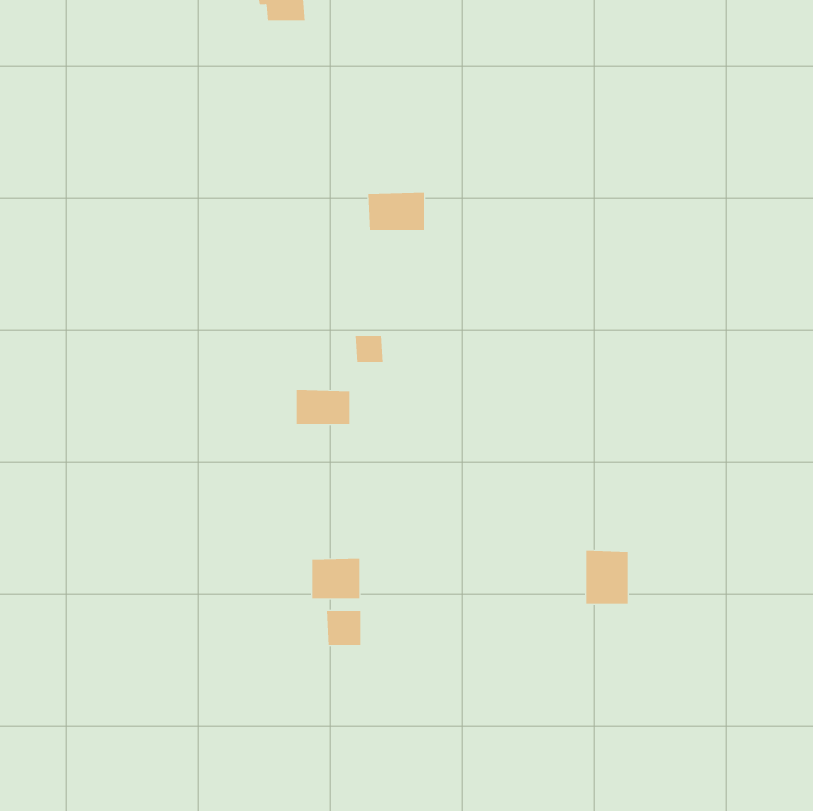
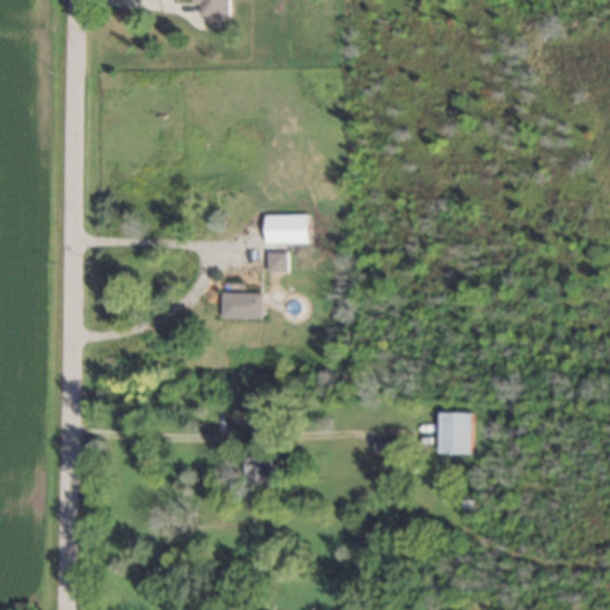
building: [368,192,425,230] -> [264,214,307,243]
building: [312,558,360,599] -> none

